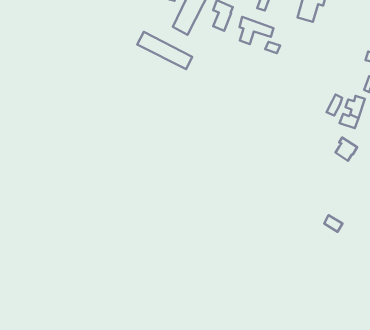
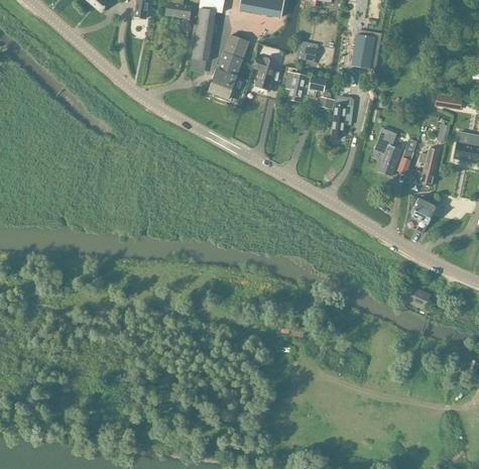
building: [137,32,192,69] -> none
building: none -> [330,103,354,136]
building: none -> [375,128,401,174]

